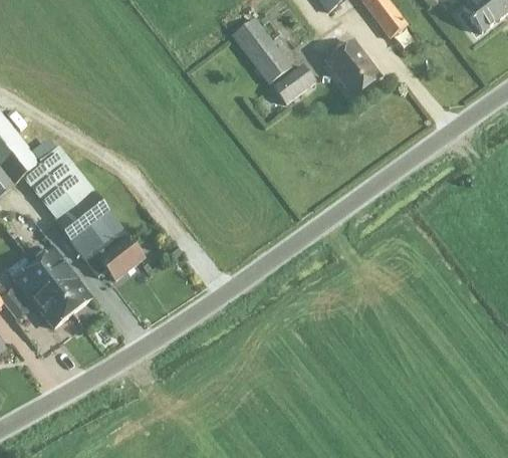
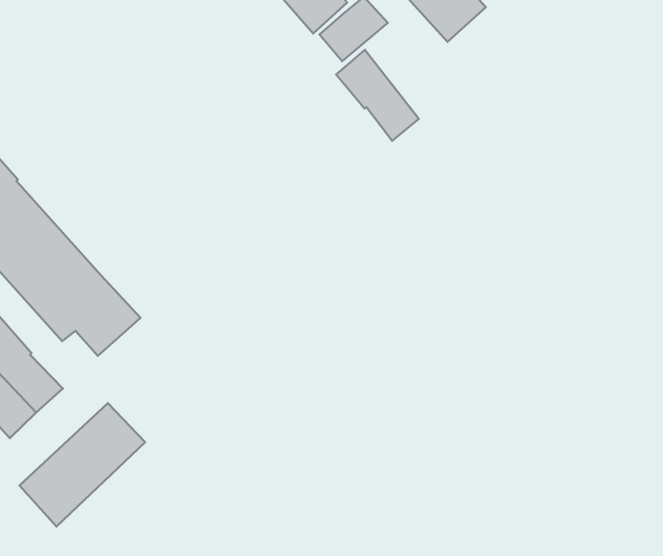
building: none -> [336,50,419,141]
building: none -> [20,403,145,527]

